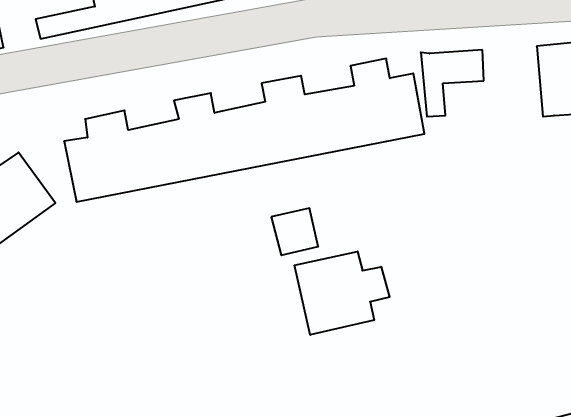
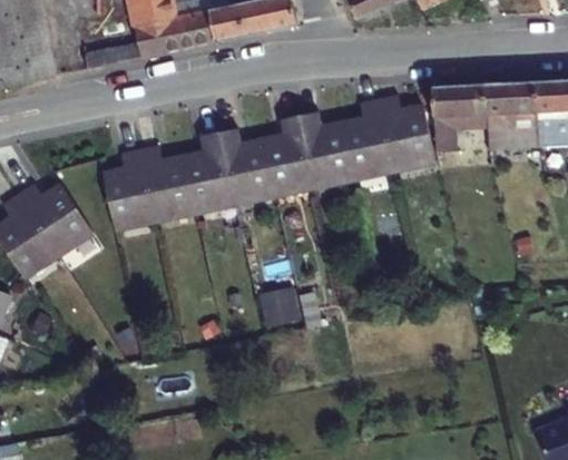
building: none -> [484,85,539,151]
building: [271,208,318,255] -> [258,283,301,325]
building: [295,251,390,335] -> none

